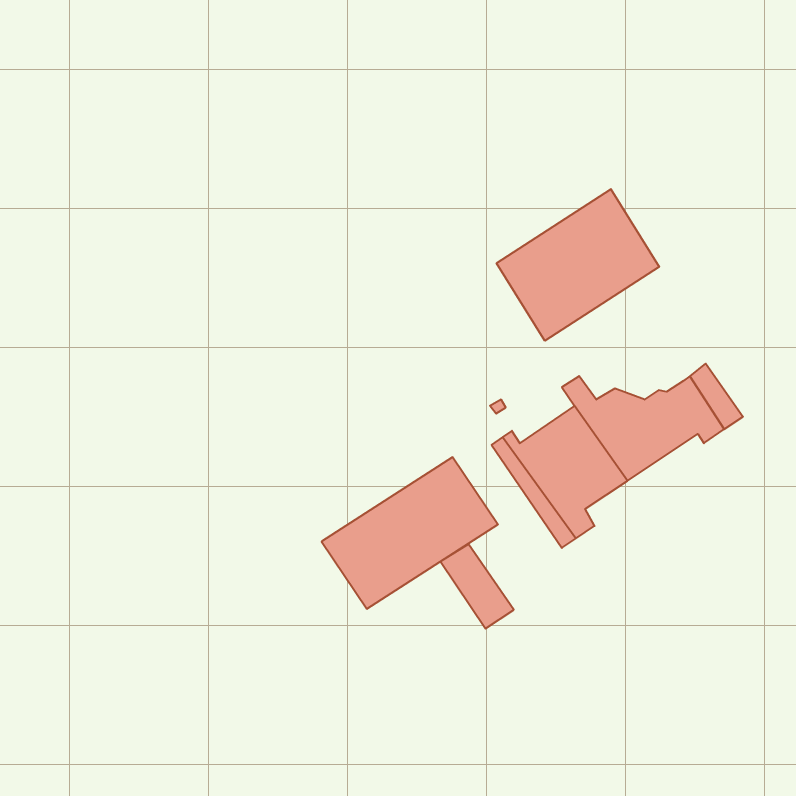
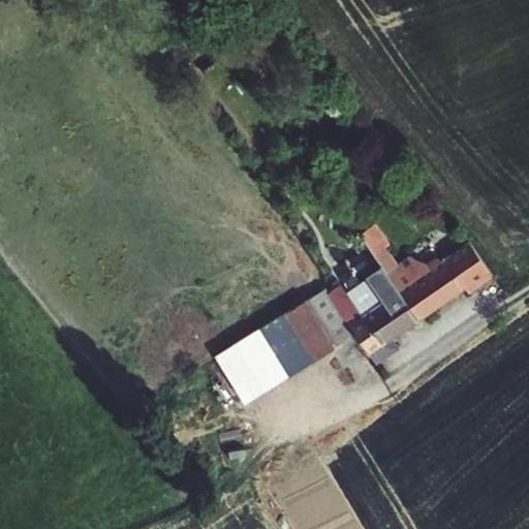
building: [497,189,659,341] -> none
building: [440,544,514,629] -> [301,292,349,348]

